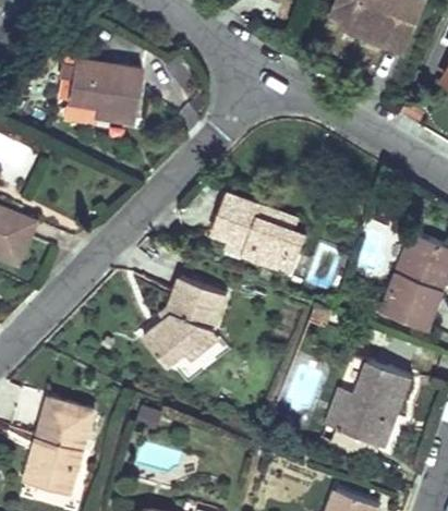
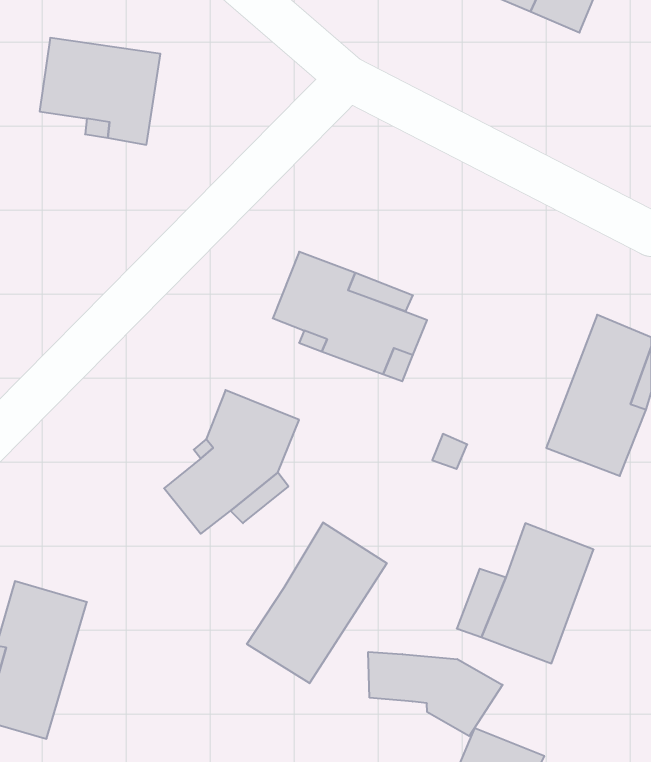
building: none -> [247,522,387,683]
building: none -> [368,652,503,736]

